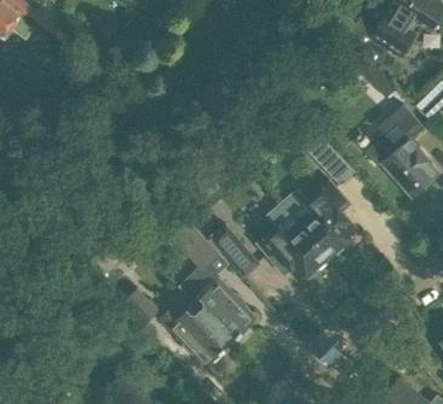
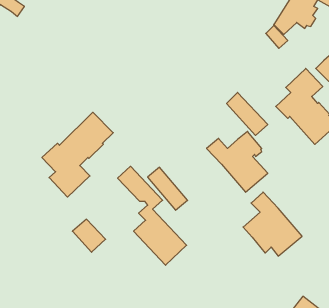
building: none -> [42,112,113,197]
building: [258,201,329,279] -> [243,192,302,256]
building: [159,301,232,368] -> none

